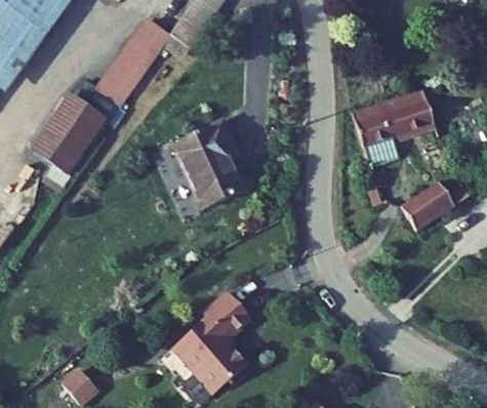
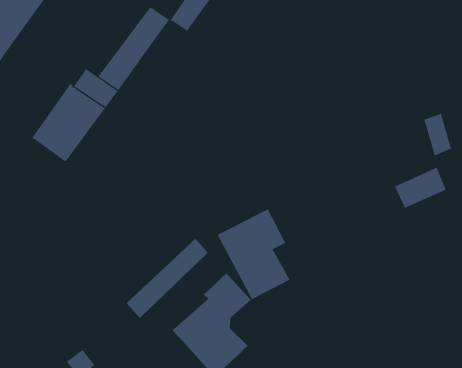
building: [355,93,427,166] -> none
building: [172,125,244,214] -> [217,209,290,300]
building: none -> [126,238,209,319]

